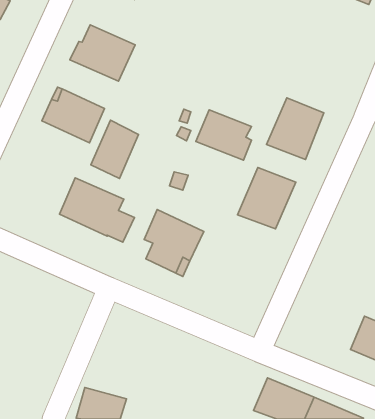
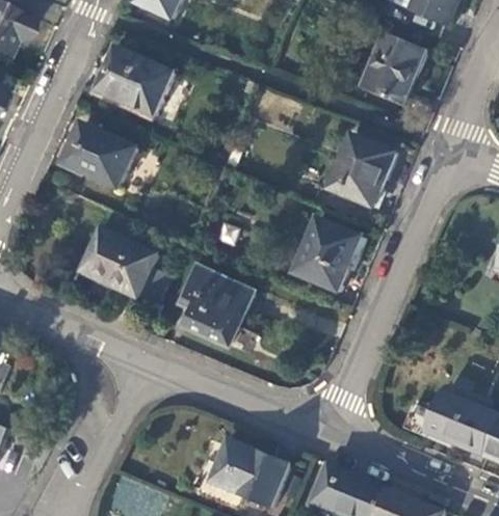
building: none -> [360,33,425,105]
building: [196,110,251,160] -> none
building: [91,120,139,178] -> none
building: none -> [207,440,286,508]

